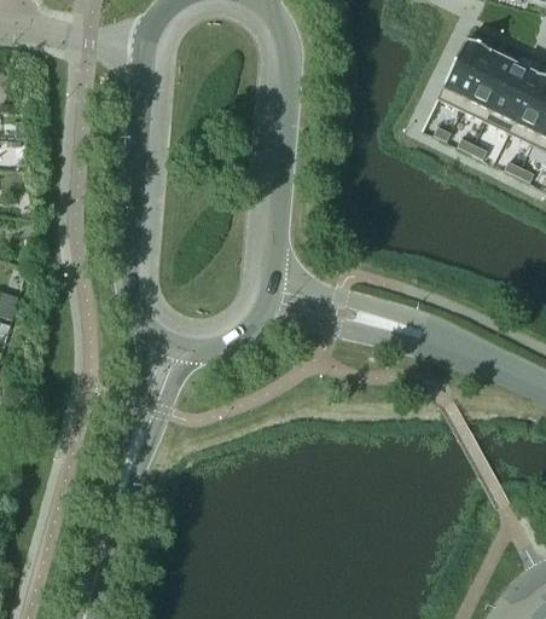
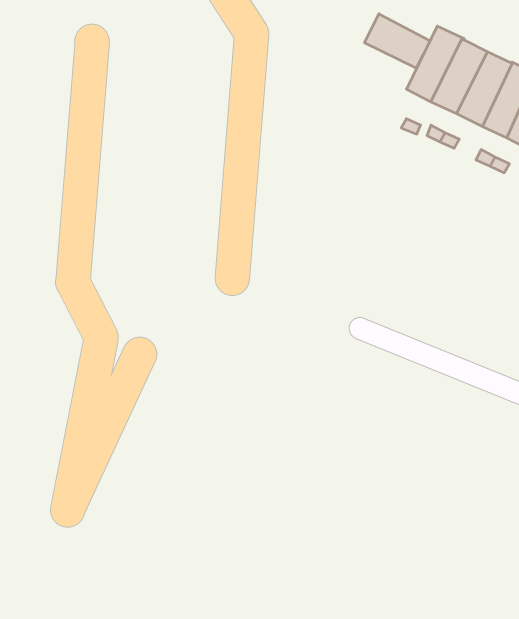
building: none -> [365,14,430,68]

